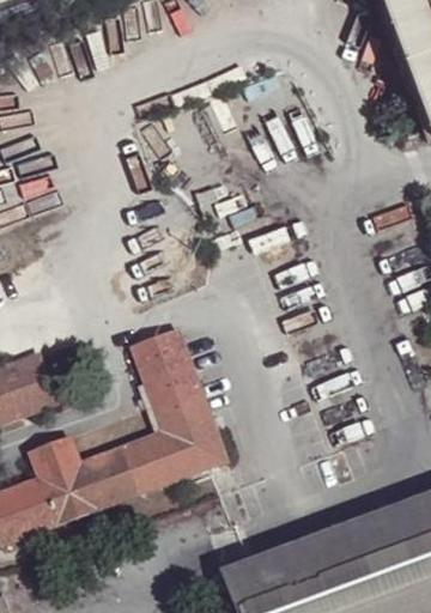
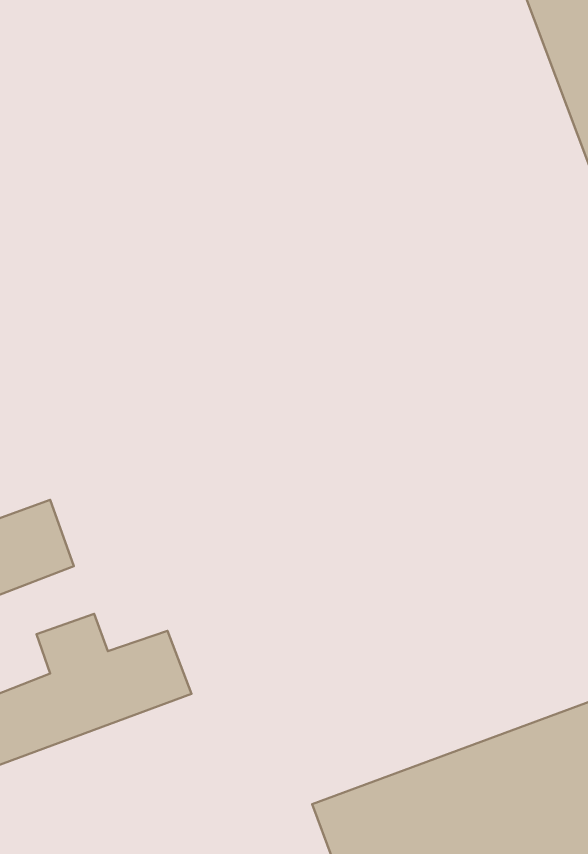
building: [122,326,224,490] -> none

